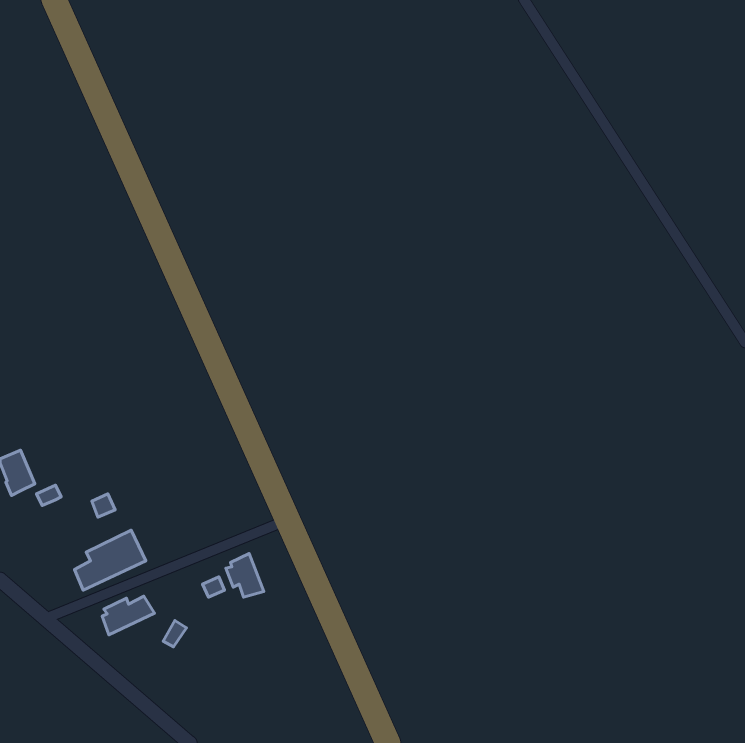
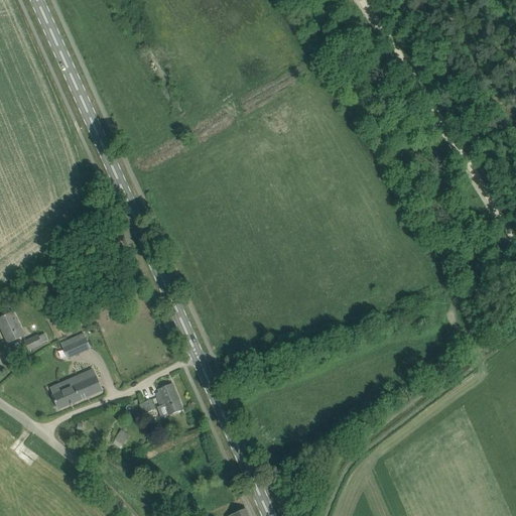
building: [102,596,154,635] -> none

